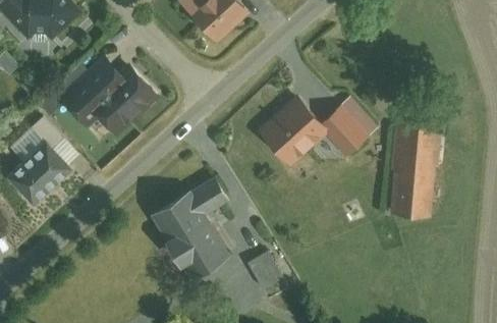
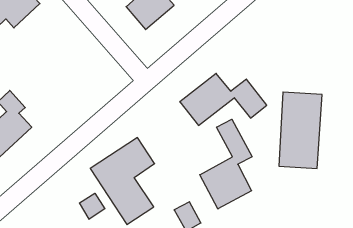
building: [61,55,158,126] -> none
building: none -> [200,119,252,209]
building: none -> [79,193,105,219]

